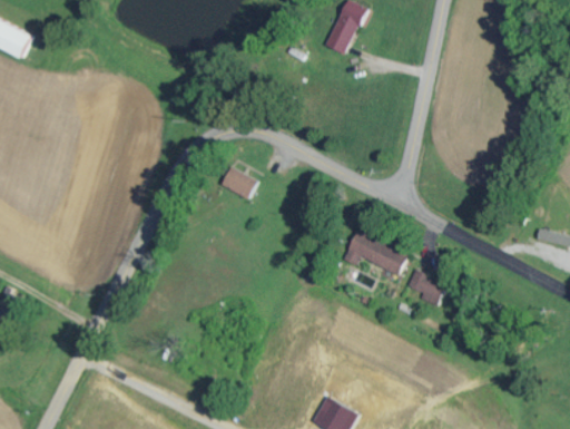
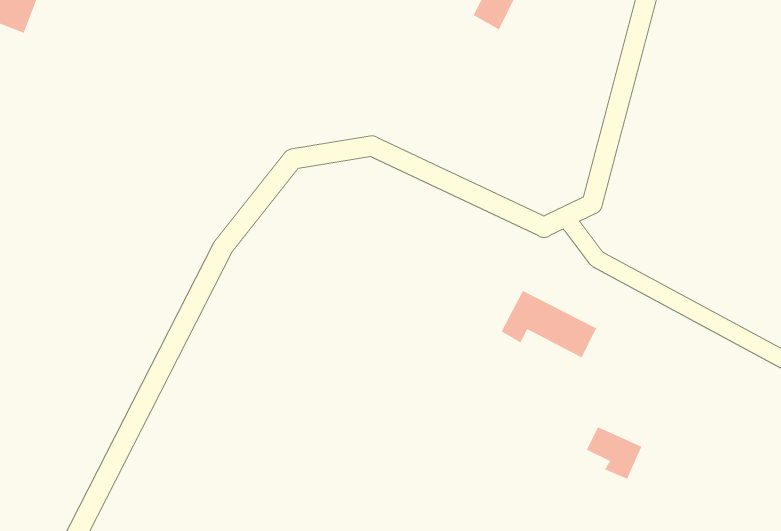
building: [219,167,256,199] -> none
building: [407,270,445,305] -> [586,427,642,480]

